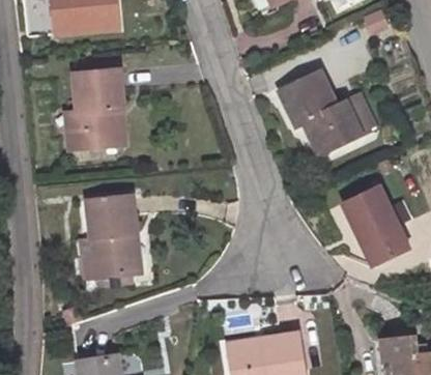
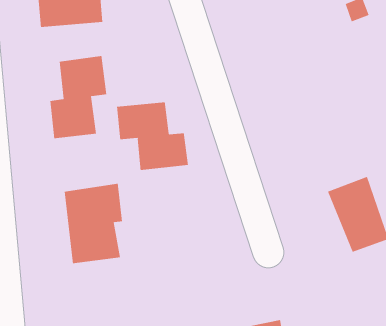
building: [281,71,365,150] -> none
building: none -> [116,101,189,171]

